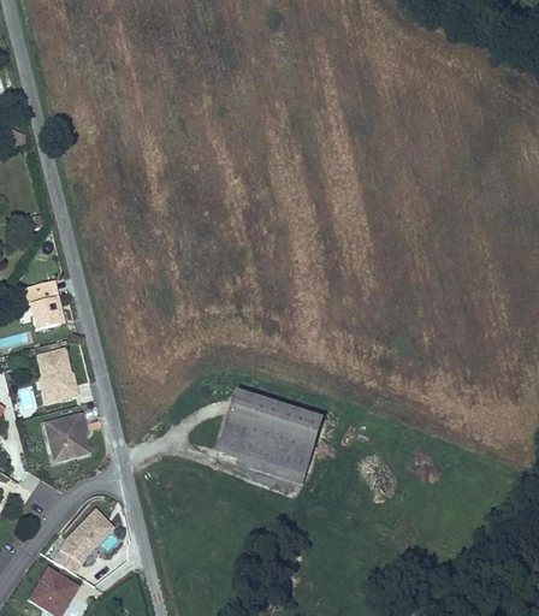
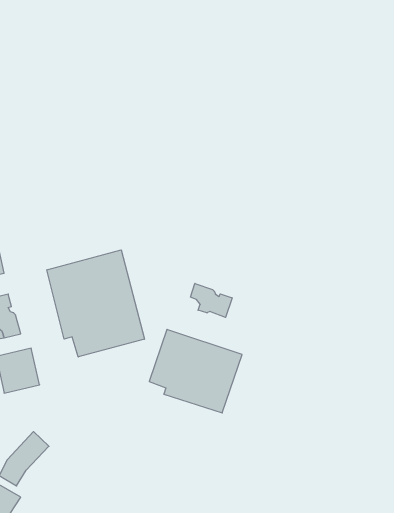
building: none -> [47,250,144,357]
building: none -> [190,283,232,317]

